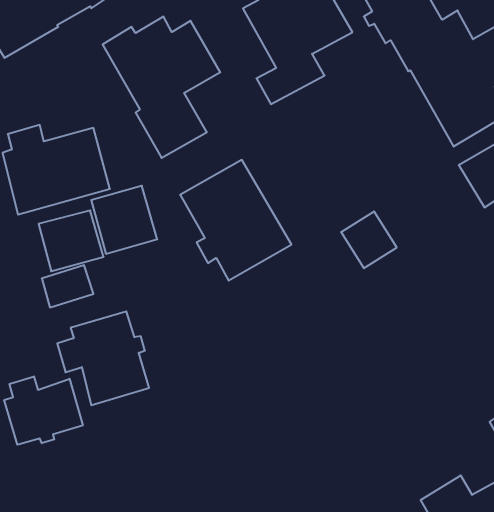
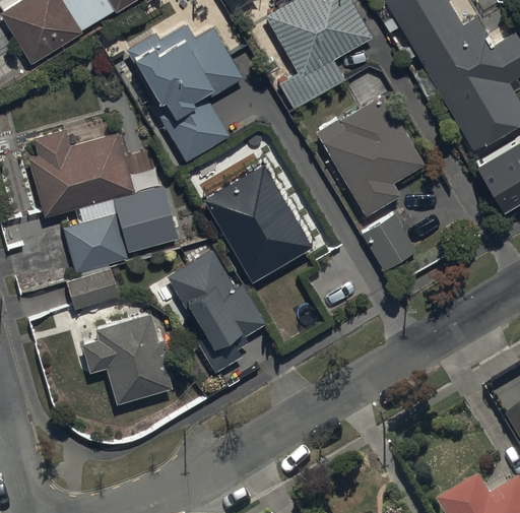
building: none -> [316,94,424,215]
building: none -> [168,250,267,372]
building: [4,376,83,445] -> none

